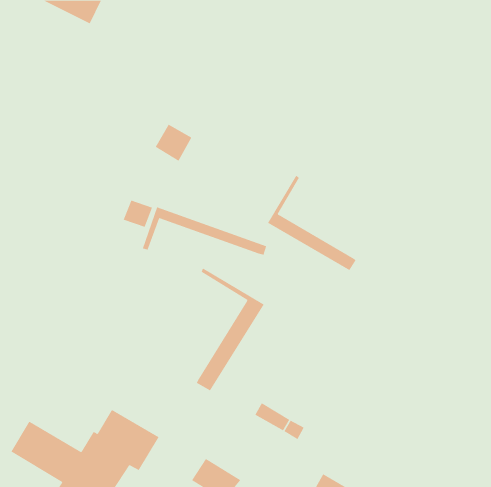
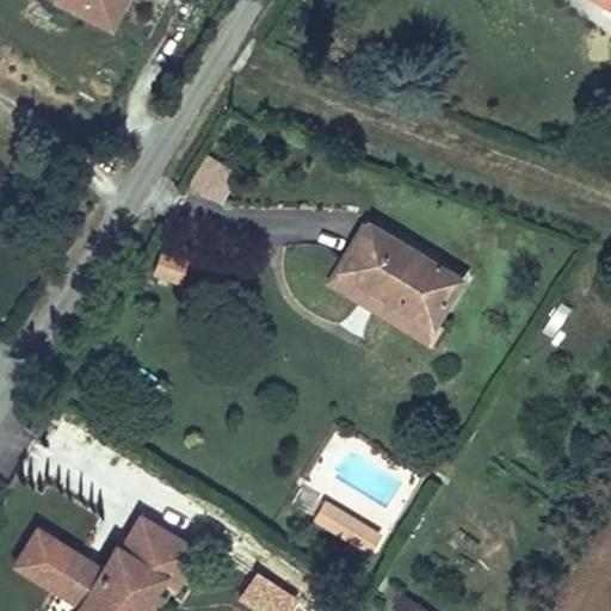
building: none -> [346,226,465,325]
building: [142,207,267,256] -> none
building: [196,267,264,391] -> none

